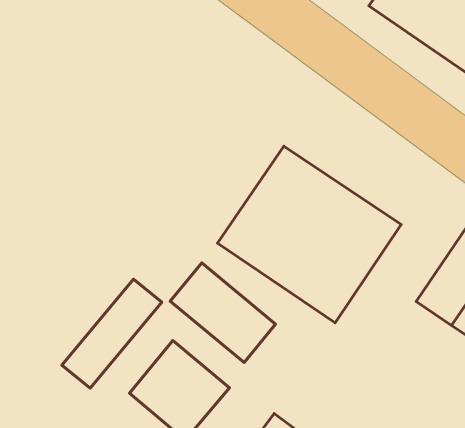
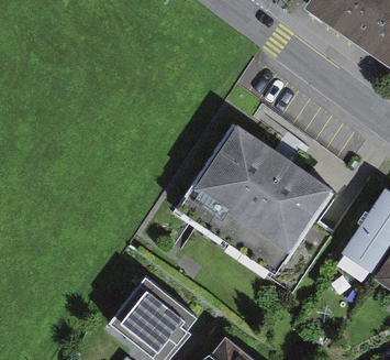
building: [170,263,276,363] -> none
building: [62,279,162,388] -> none

